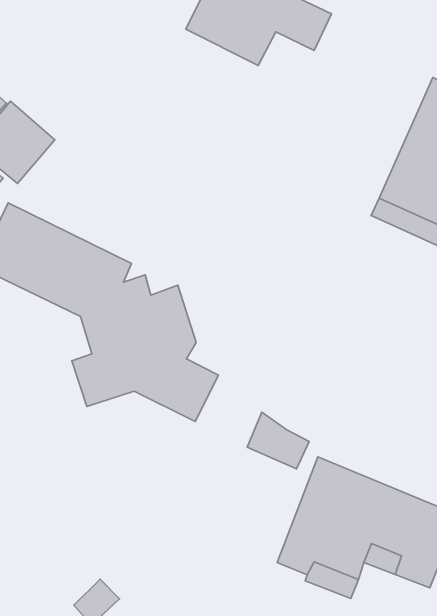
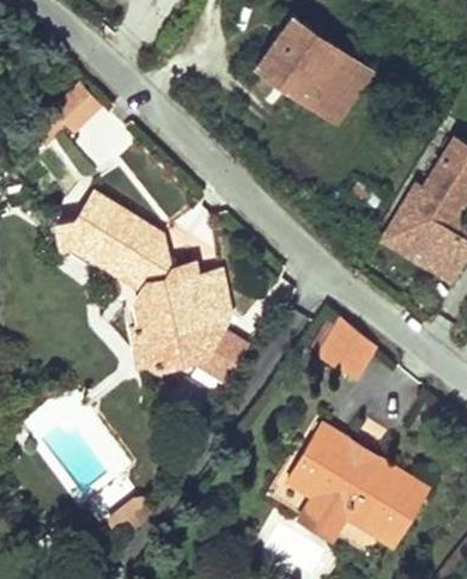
building: none -> [310,81,357,127]
building: [247,412,309,469] -> [321,330,371,379]

